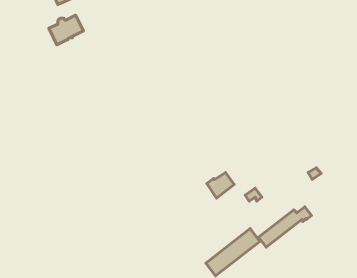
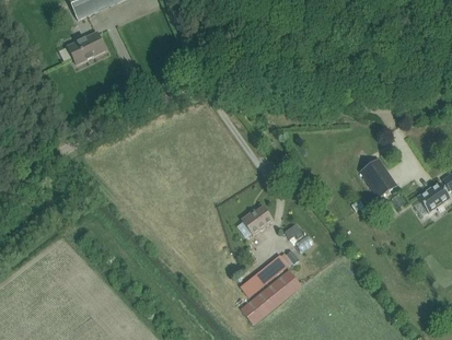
building: none -> [360,159,396,197]
building: [258,207,312,247] -> [240,250,299,295]

